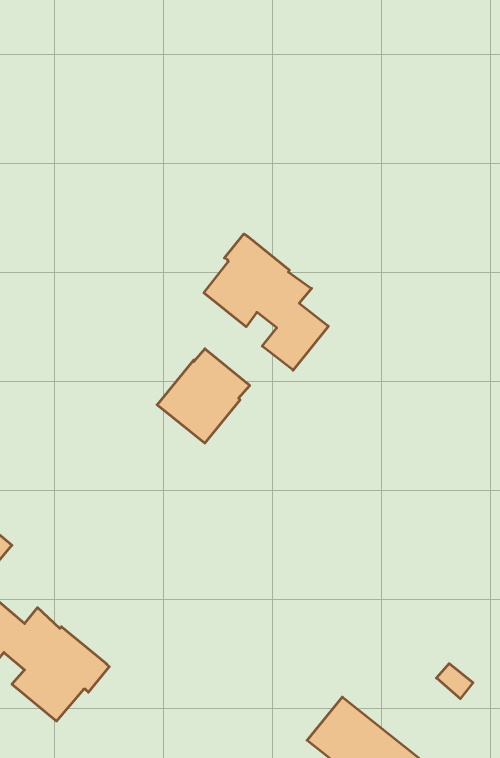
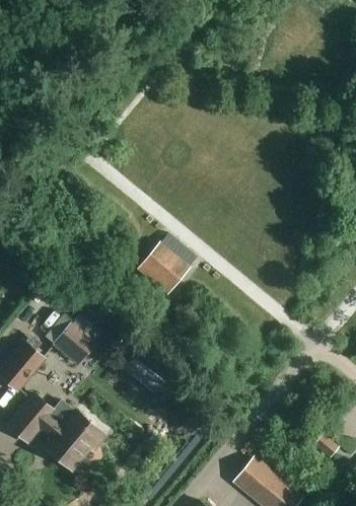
building: [204,234,328,370] -> none
building: none -> [45,313,103,358]

